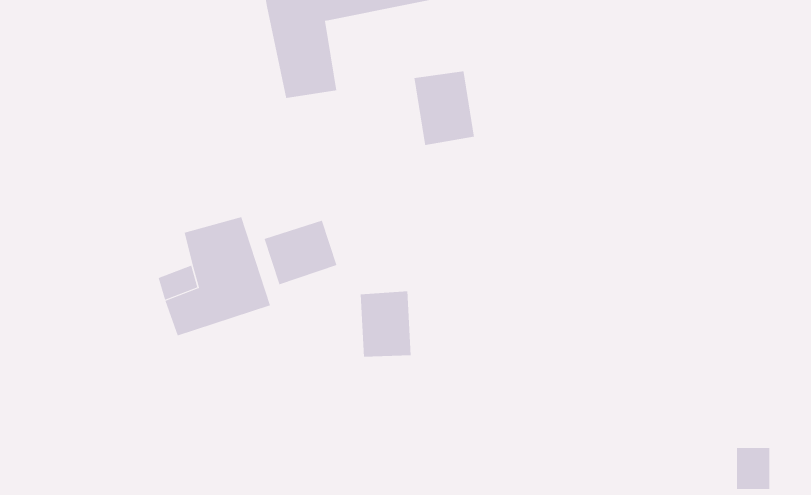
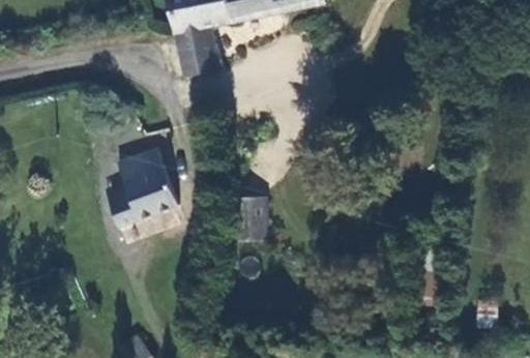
building: [414,70,474,146] -> none
building: [264,220,337,285] -> none

